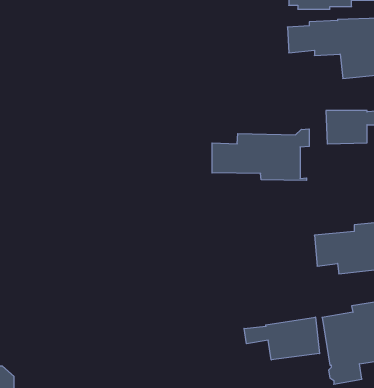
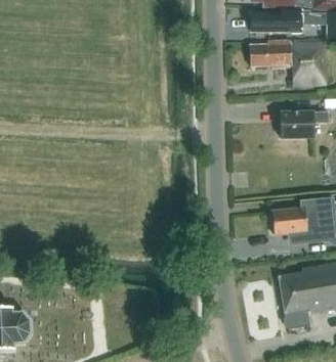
building: [212,129,309,180] -> none
building: [244,317,320,360] -> none

